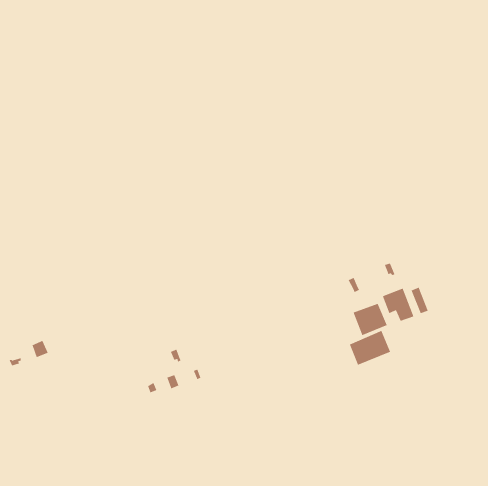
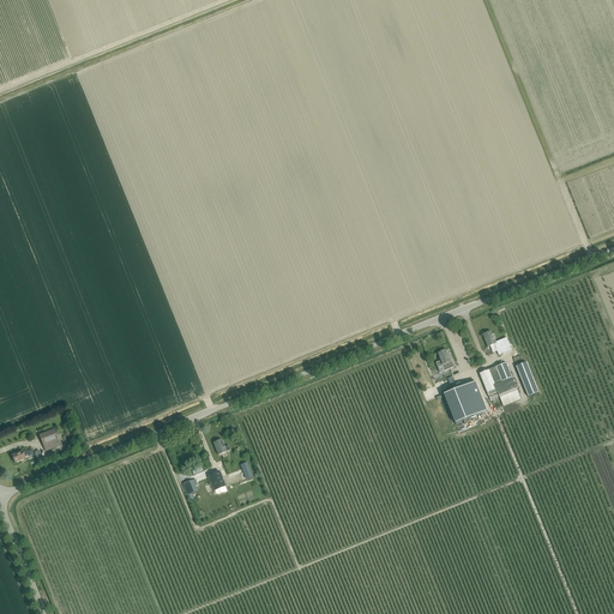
building: [349,330,391,366] -> none

